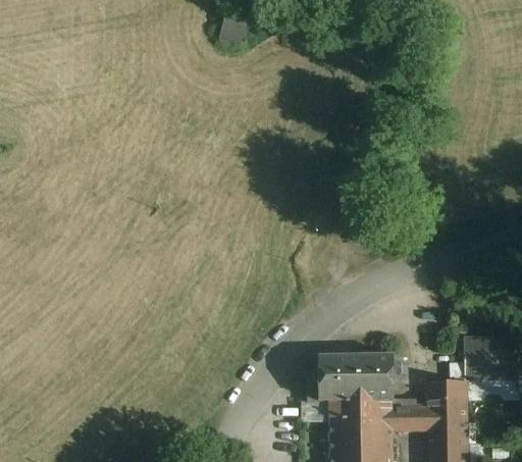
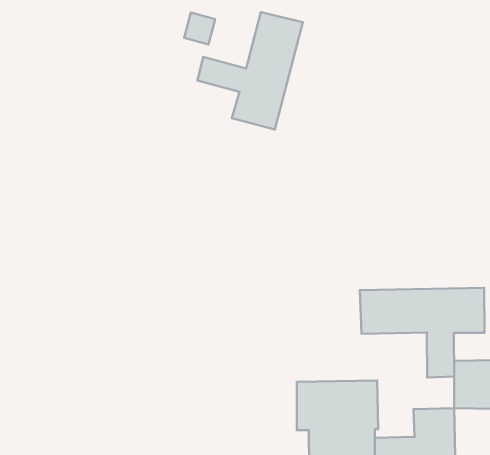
building: none -> [198,12,303,130]
building: none -> [360,288,485,378]

